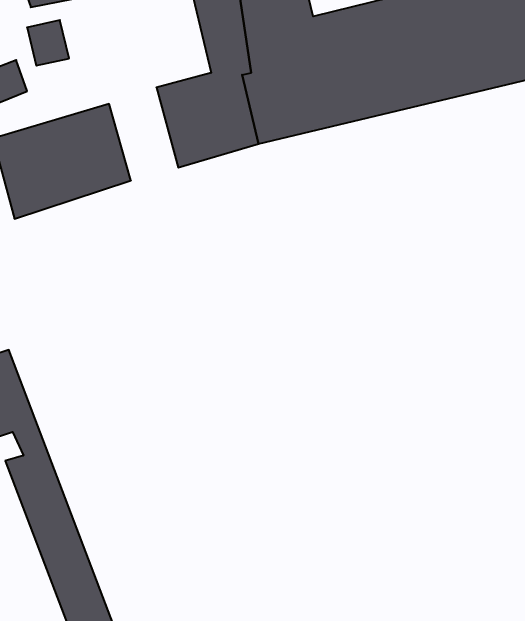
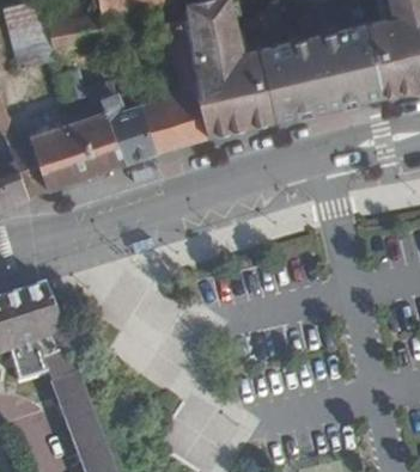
building: none -> [90,81,153,165]

